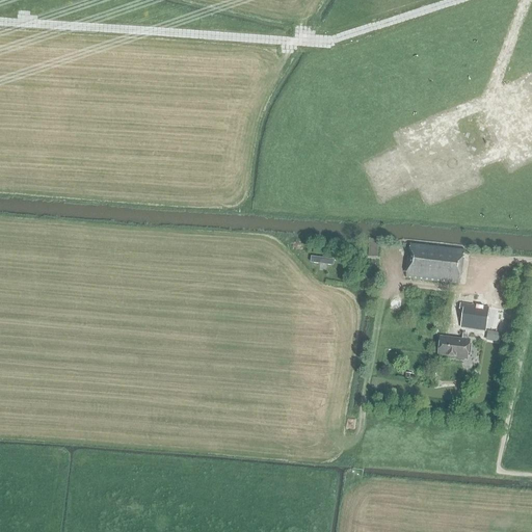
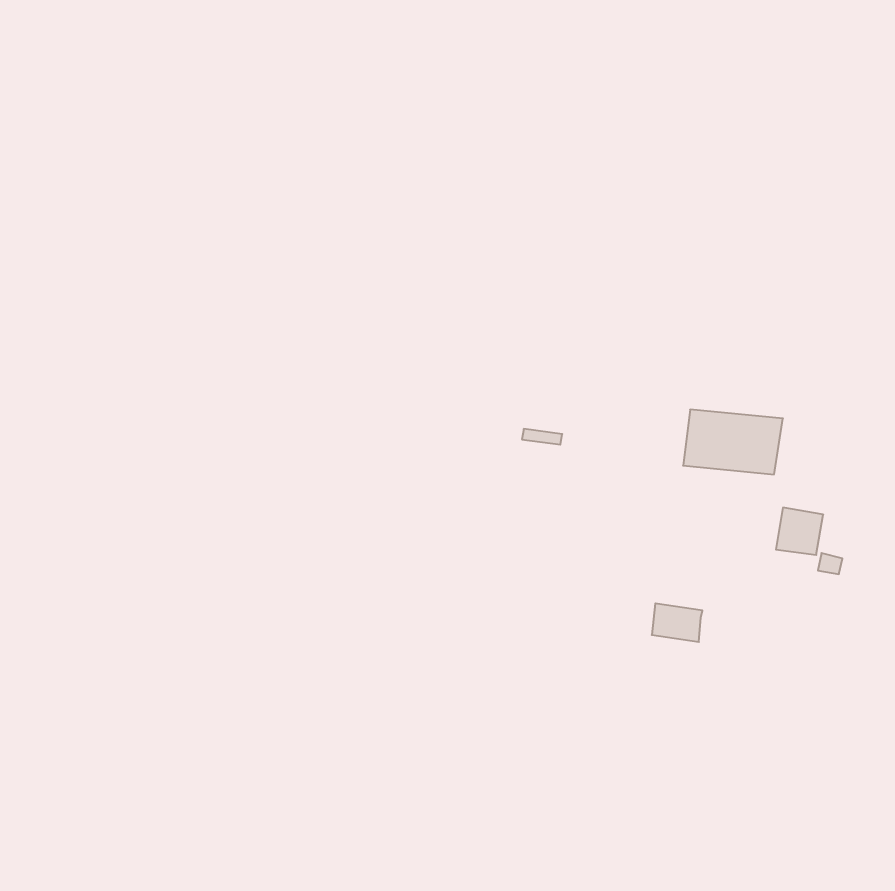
building: [438,336,469,358] -> [652,603,702,642]

